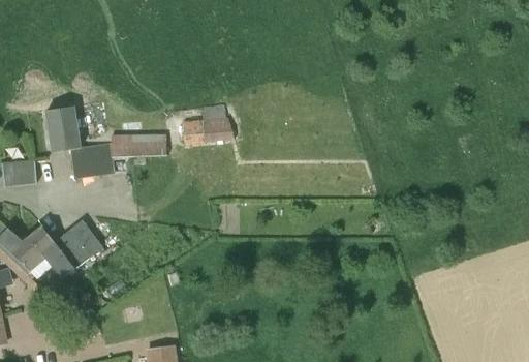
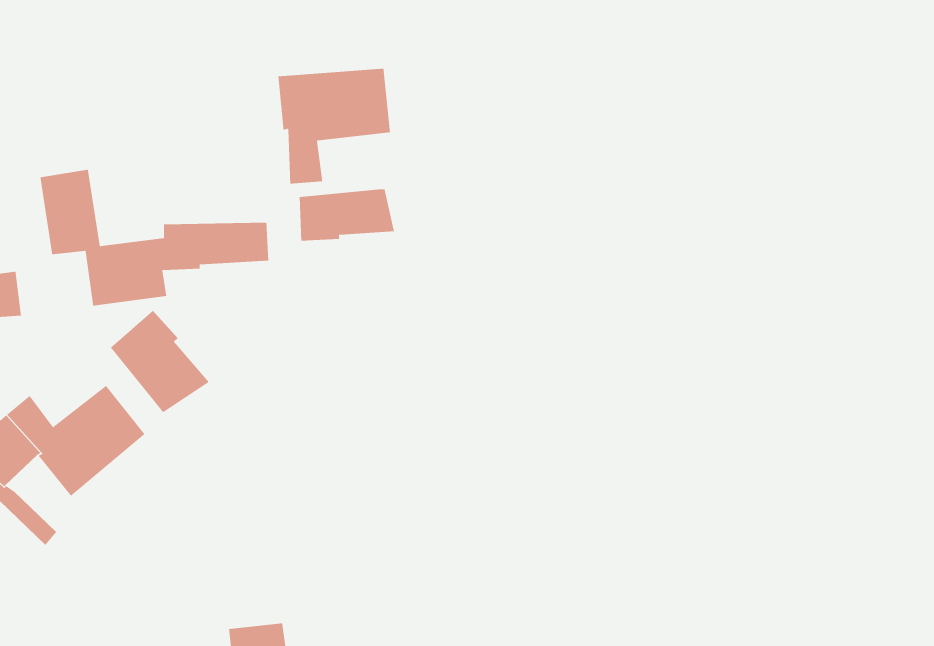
building: none -> [278,68,391,184]
building: none -> [110,310,210,413]

